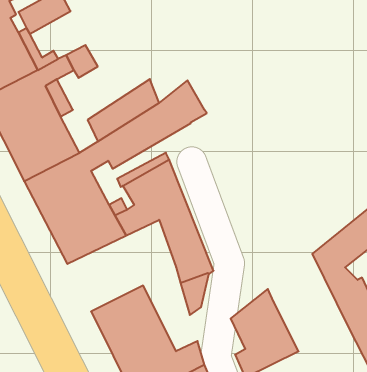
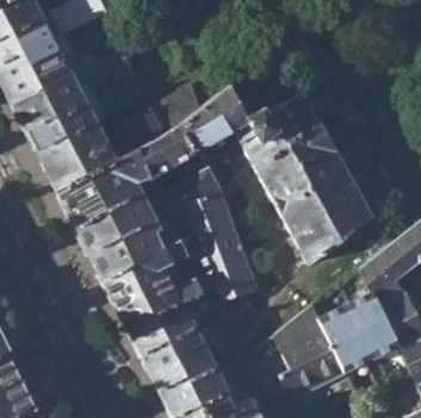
building: none -> [231,92,371,263]
building: none -> [101,232,216,329]
building: none -> [318,268,397,370]

